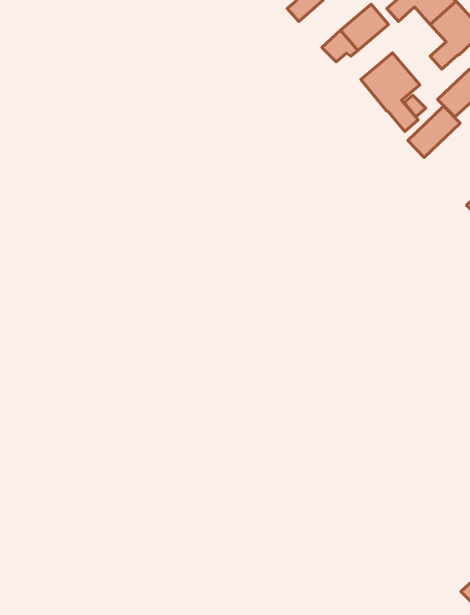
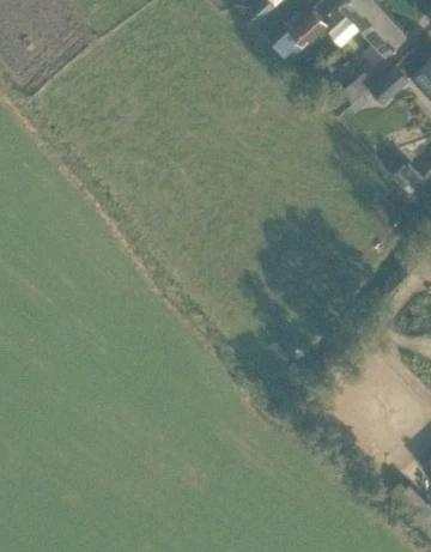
building: [361,53,420,131] -> none
building: [408,106,460,158] -> none

